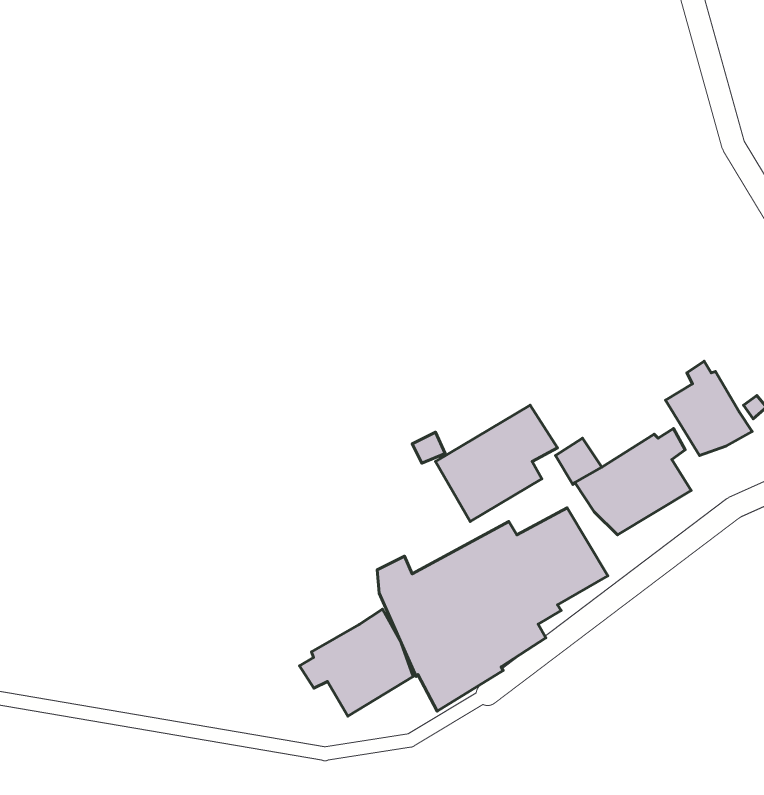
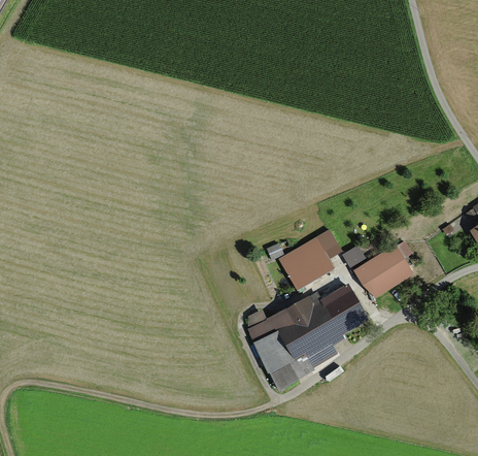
building: [665,361,752,455] -> none
building: [299,609,413,716] -> none

